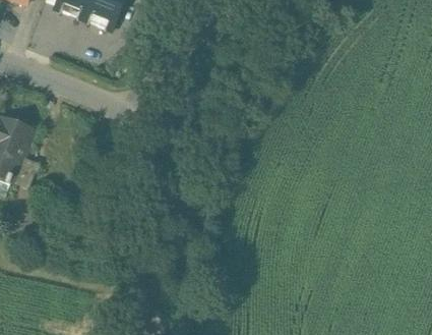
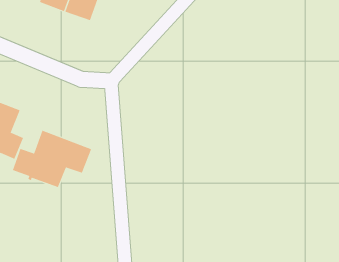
building: none -> [12,130,92,188]

